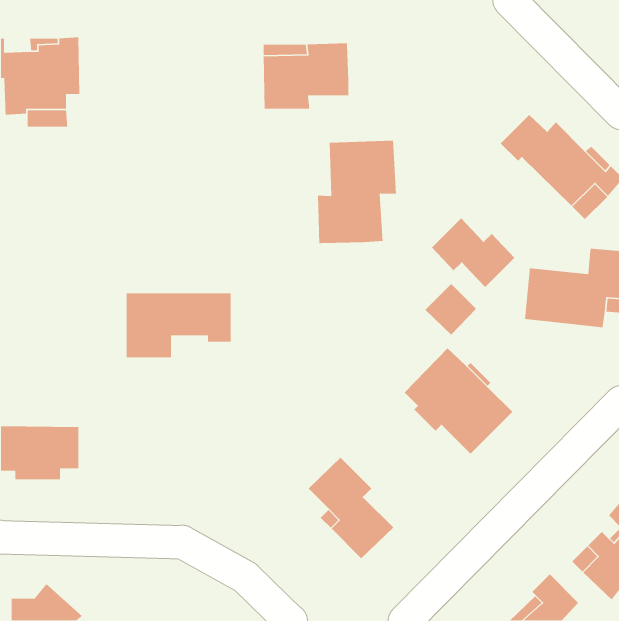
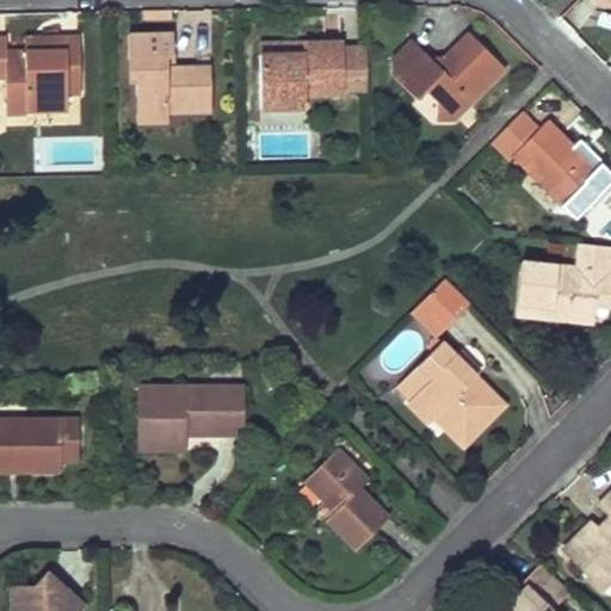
building: none -> [393,32,506,119]
building: none -> [129,35,212,122]
building: none -> [344,44,368,91]
building: [317,140,397,244] -> none
building: [431,218,515,288] -> none
building: [126,293,232,358] -> [140,385,243,450]

